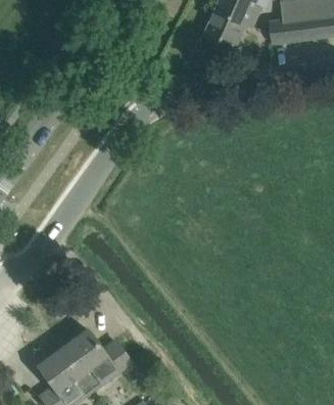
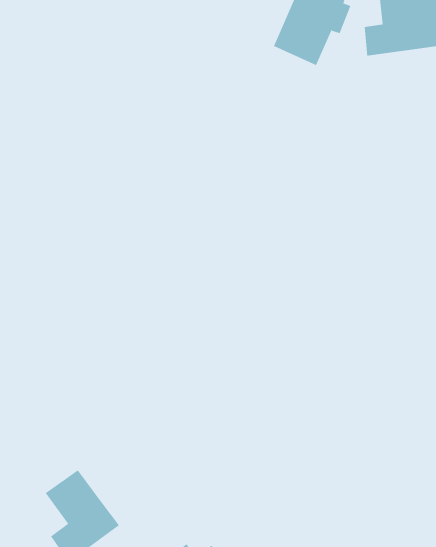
building: [62,329,130,389] -> none

